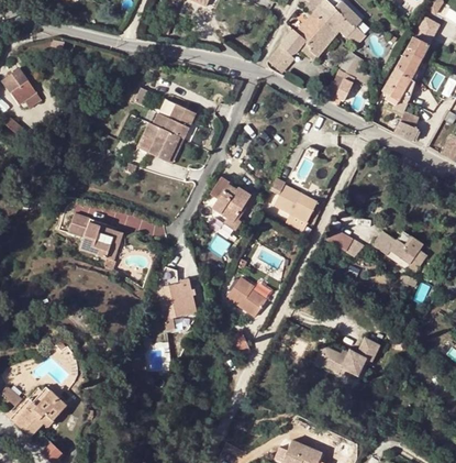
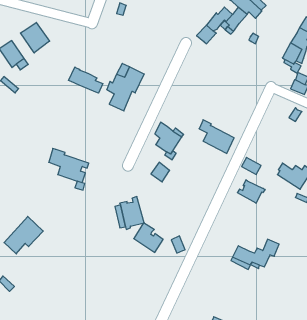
building: none -> [20,22,50,53]
building: [324,75,352,101] -> none
building: none -> [68,67,103,93]
building: none -> [237,180,265,203]
building: [227,277,267,317] -> [134,223,163,252]
building: [14,386,67,437] -> [4,216,43,254]

